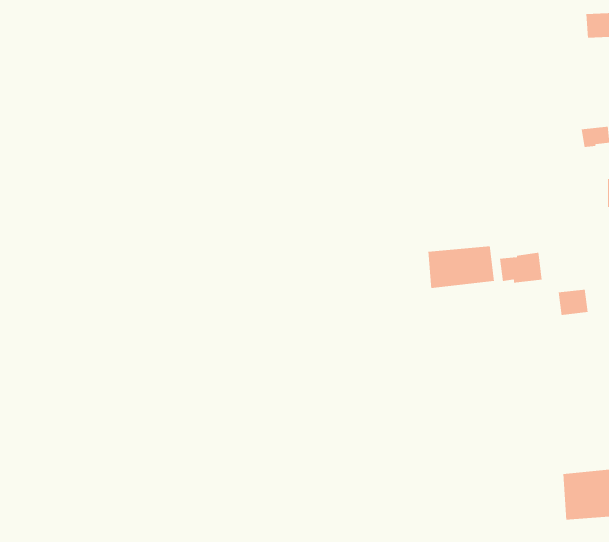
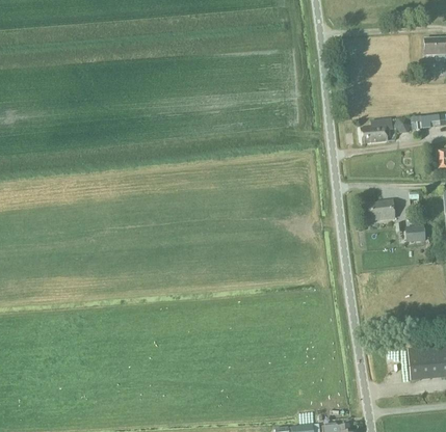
building: none -> [362,116,394,142]
building: [428,246,495,289] -> none

